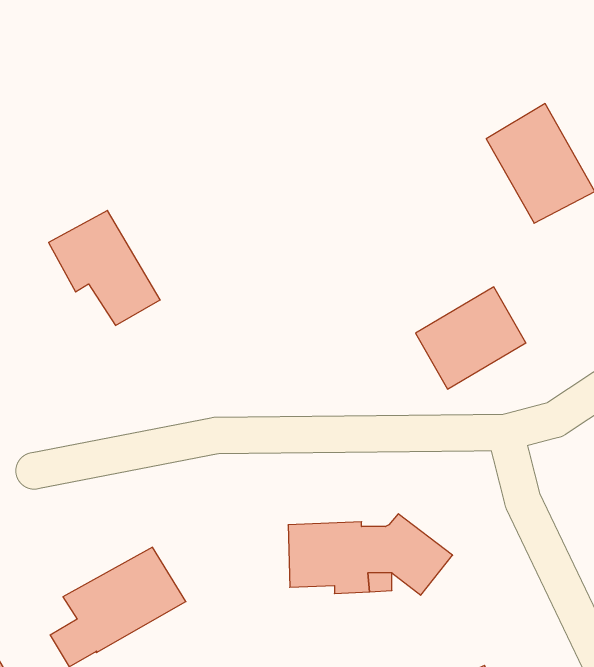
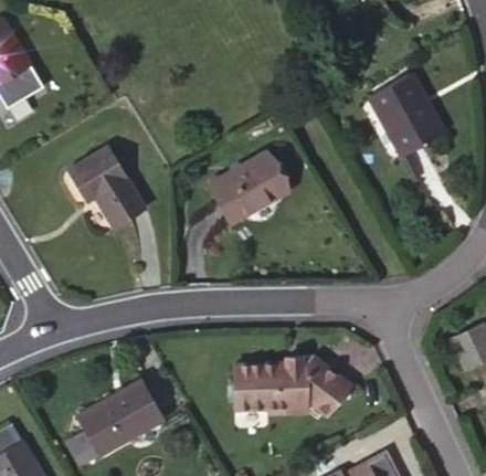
building: [416,287,526,389] -> [208,154,284,224]

